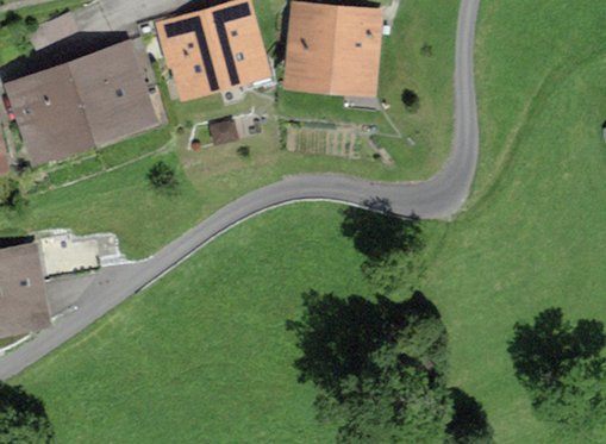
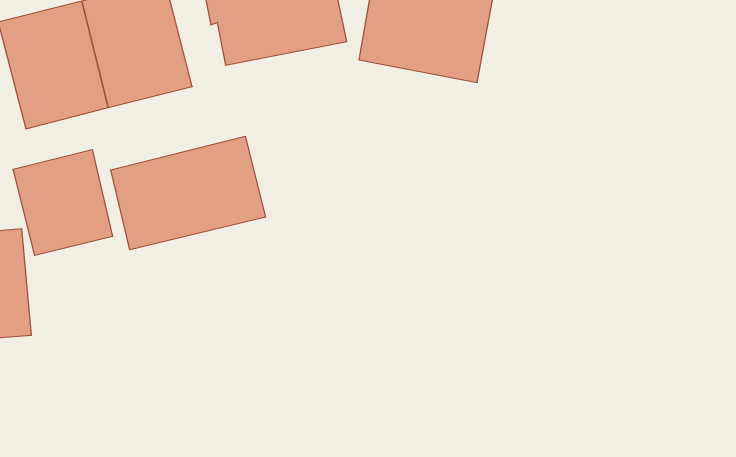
building: none -> [111,136,265,250]
building: none -> [13,150,113,256]

